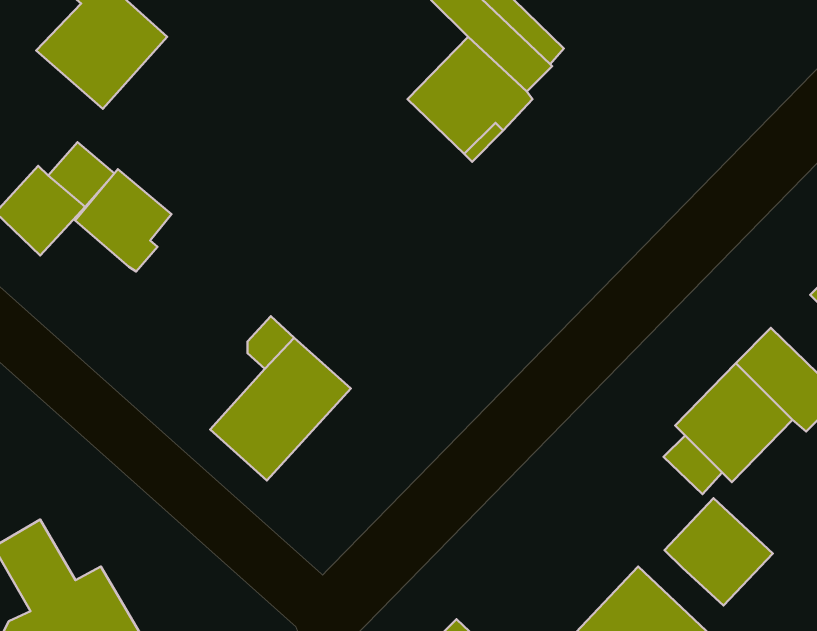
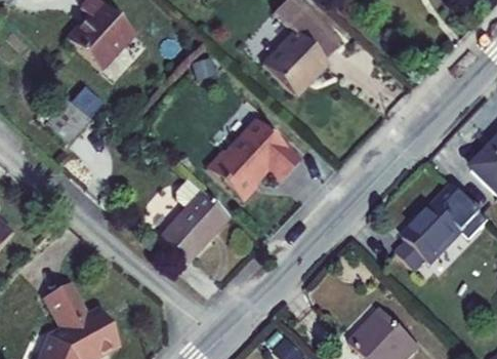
building: [75,169,171,272] -> none
building: none -> [209,115,303,197]
building: [665,498,773,606] -> none

